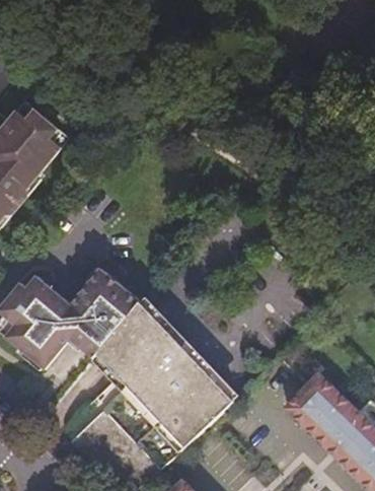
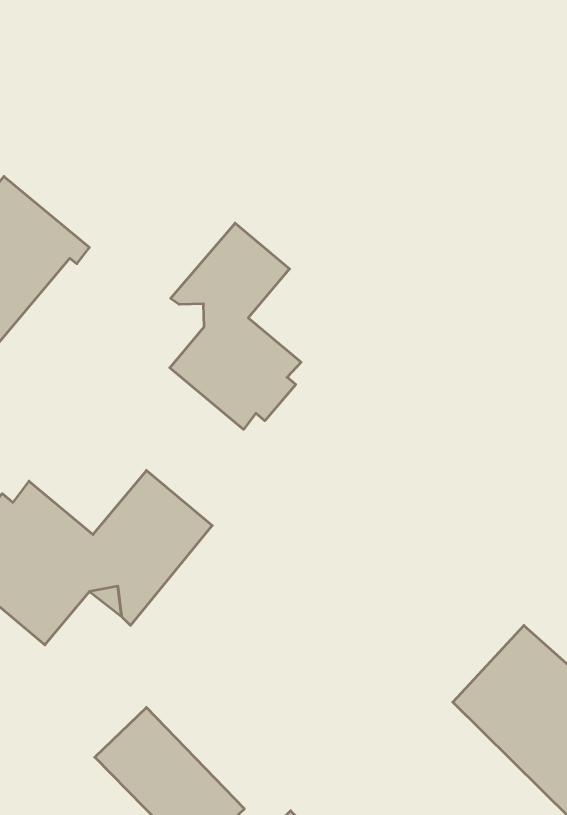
building: none -> [170,223,301,429]
building: [96,303,233,448] -> none

